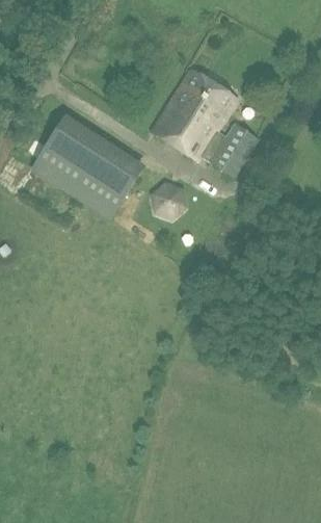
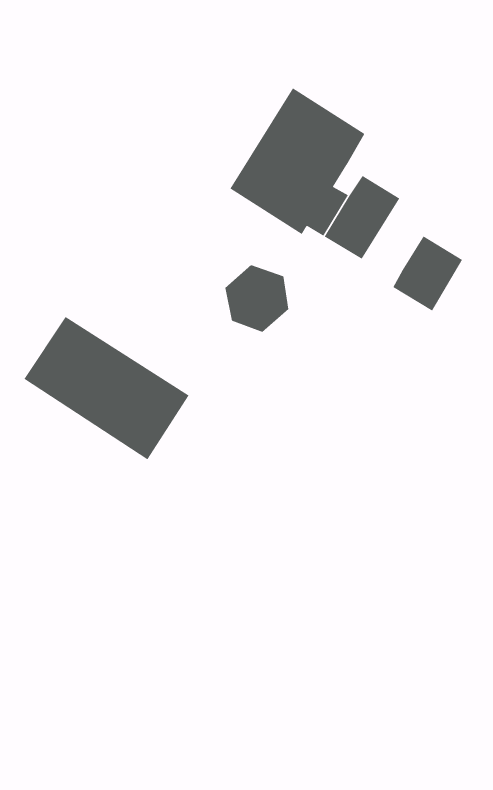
building: [45,126,149,216] -> [24,316,189,460]
building: none -> [393,236,463,311]

